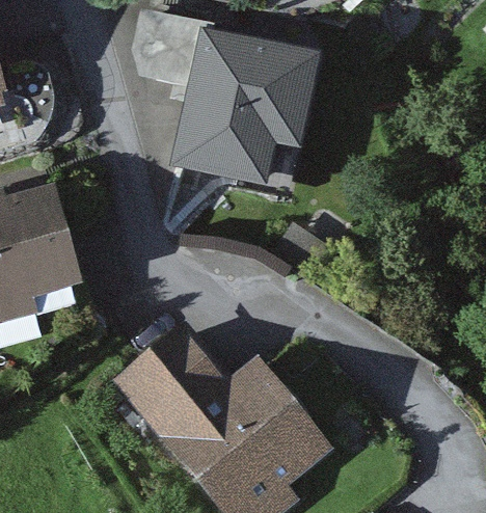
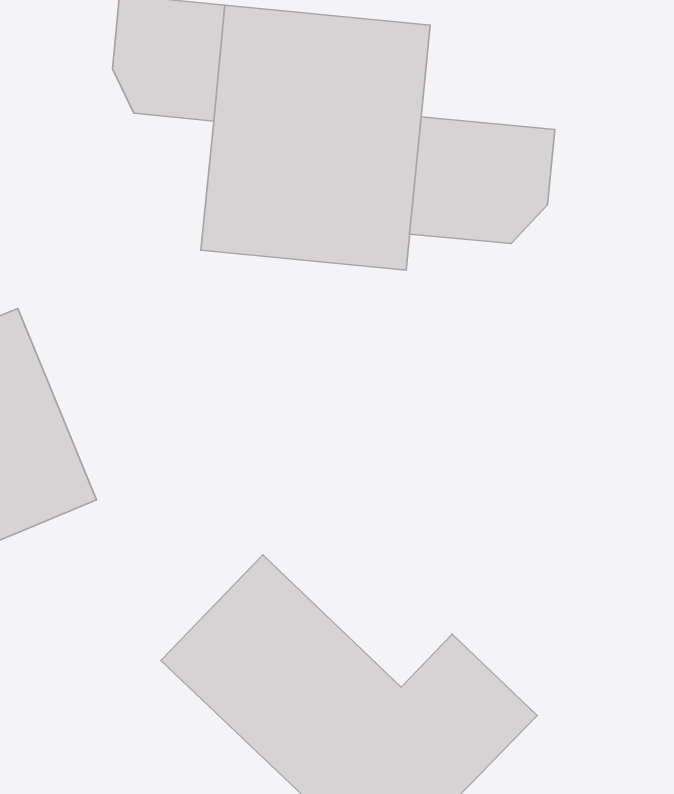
building: none -> [410,117,555,244]

